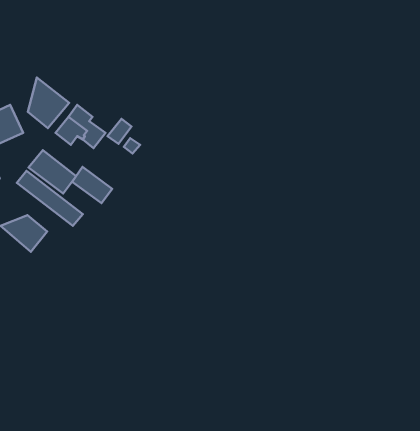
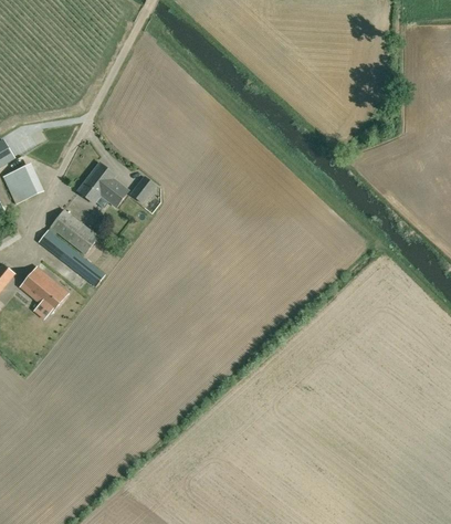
building: [28,78,69,128] -> none
building: [72,167,112,203] -> none

